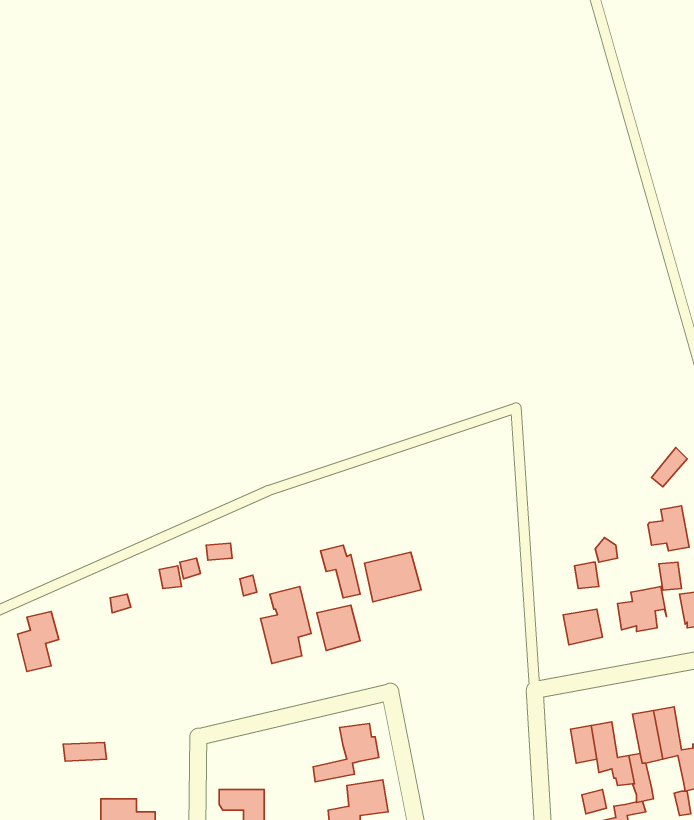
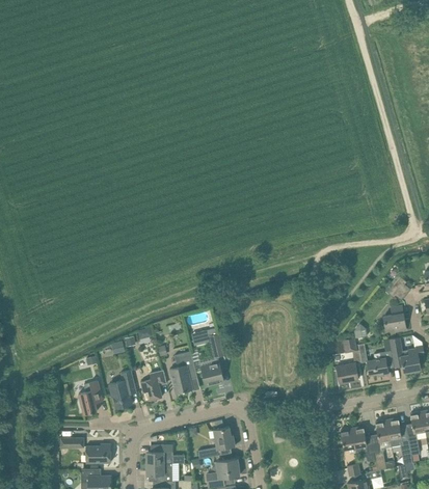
building: [365,552,421,602] -> none
building: [17,611,59,672] -> [79,381,102,414]
building: none -> [109,370,137,408]
building: none -> [140,370,166,401]
building: none -> [86,443,111,462]
building: none -> [146,444,173,463]

